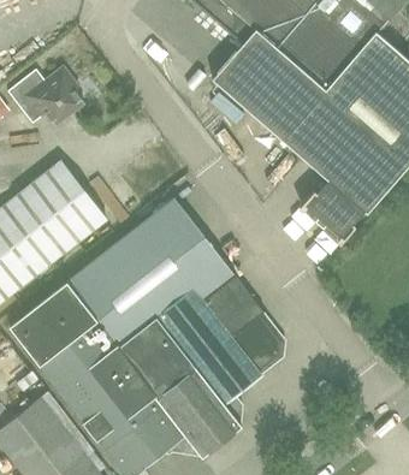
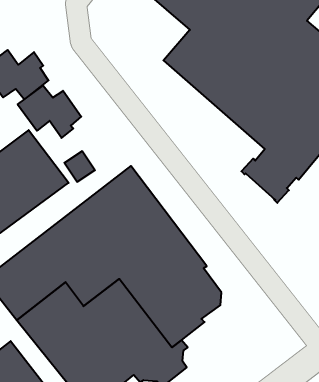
building: none -> [18,86,81,138]

